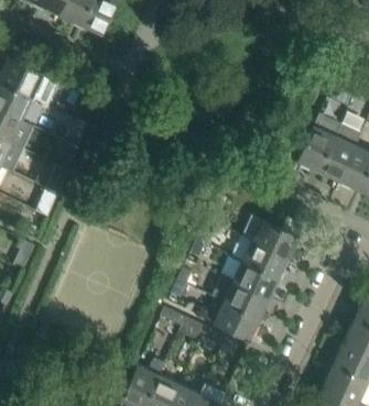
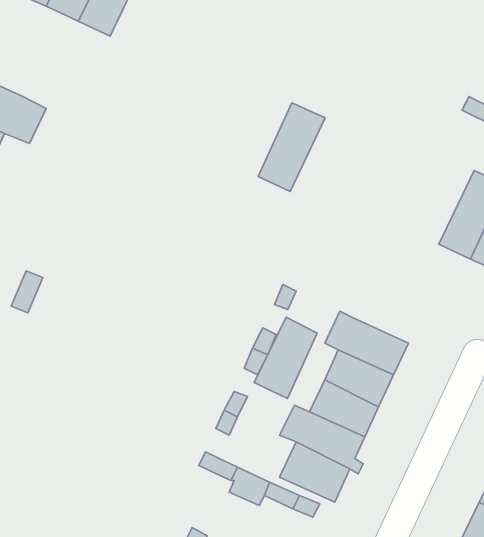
building: [296,113,340,172] -> [258,103,325,192]
building: none -> [254,317,317,398]

